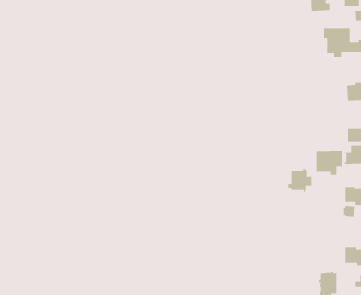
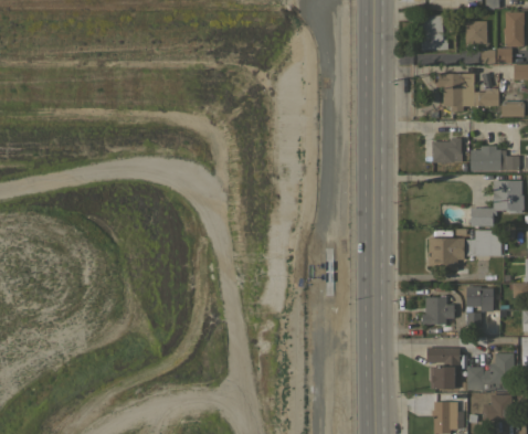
building: none -> [432,138,463,165]
building: [288,169,312,193] -> [421,295,454,327]
building: none -> [427,347,461,389]

